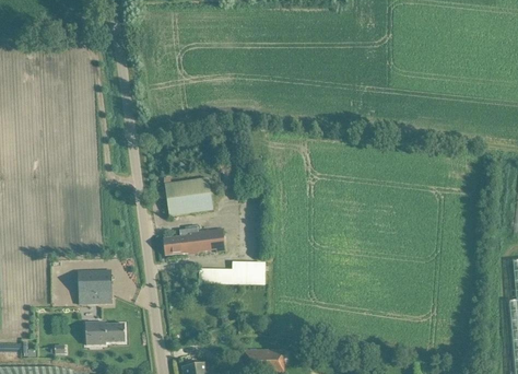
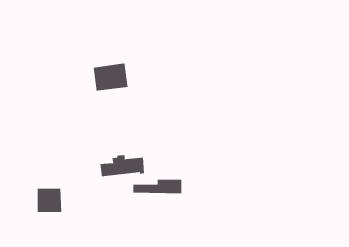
building: [165,177,213,215] -> [93,63,128,91]
building: [86,322,126,344] -> none

